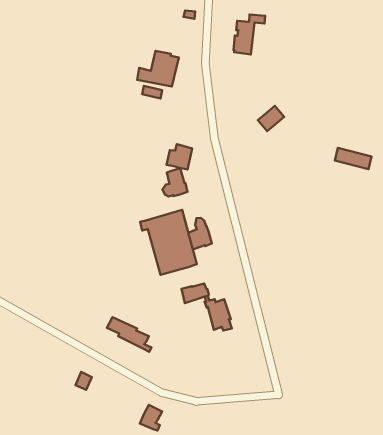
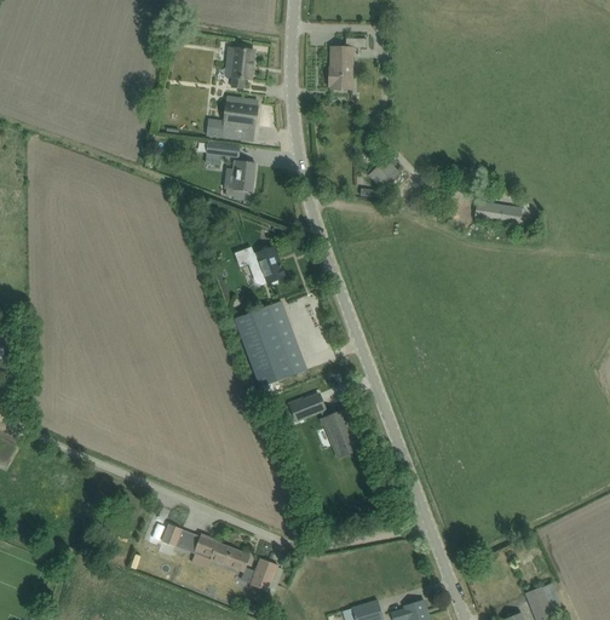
building: none -> [225,47,253,88]
building: [167,144,192,169] -> [223,160,254,191]
building: [188,218,212,249] -> none
building: [107,317,151,352] -> [194,535,254,576]

